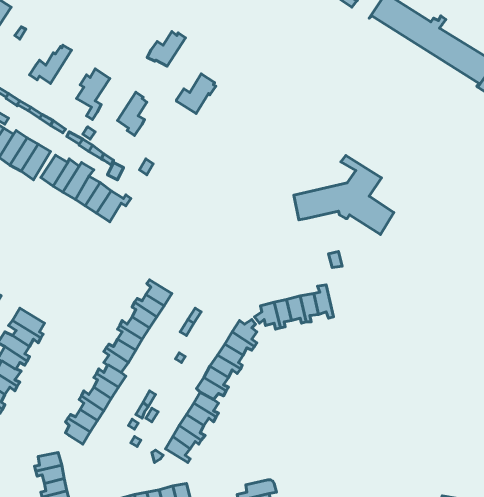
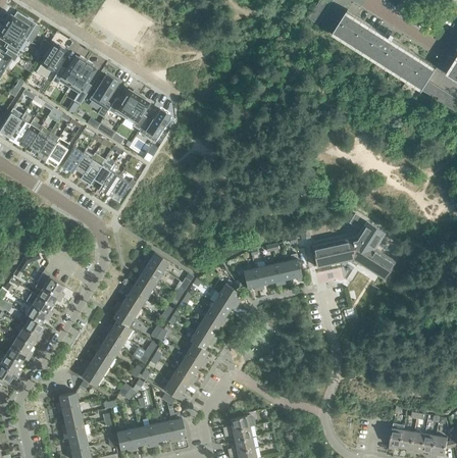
building: none -> [36,43,65,79]
building: [147,32,186,66] -> [108,90,140,118]
building: none -> [69,60,94,102]
building: [176,74,216,113] -> [139,109,171,142]
building: [294,156,394,235] -> [312,214,395,279]

